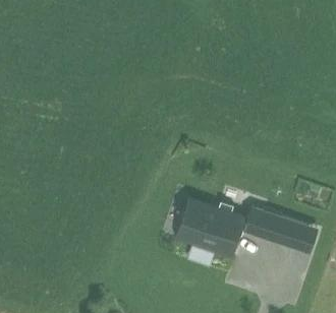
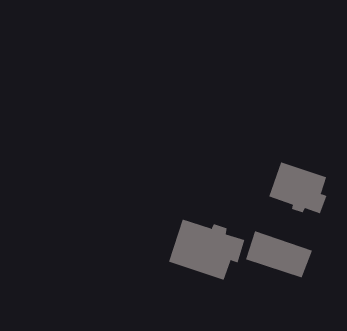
building: none -> [269,161,327,214]

